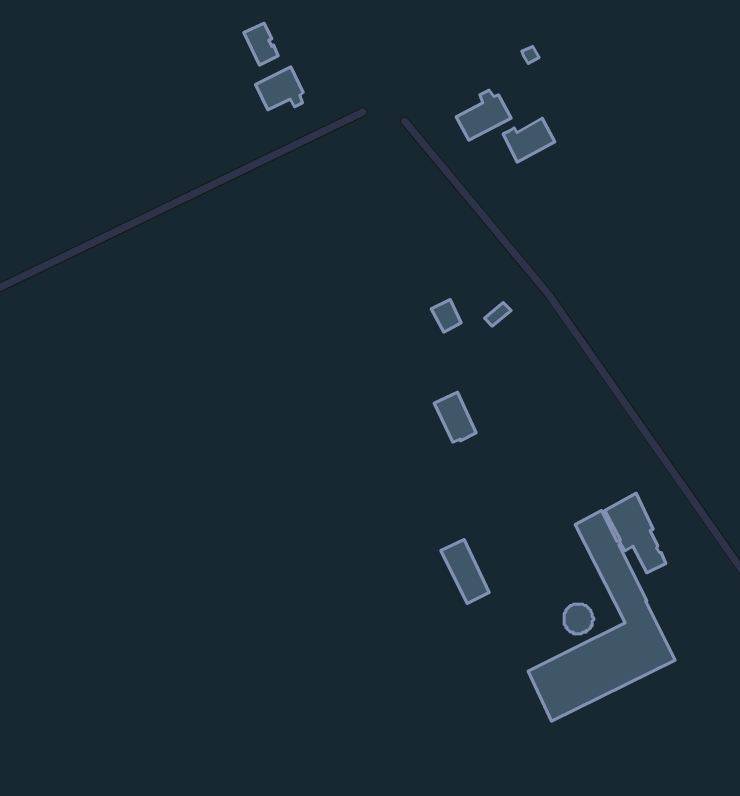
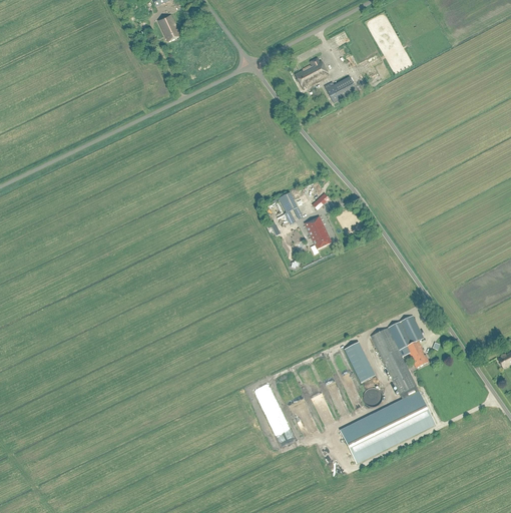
building: [256,67,303,110] -> none
building: [434,392,476,442] -> [305,216,332,248]
building: [441,539,489,603] -> [344,342,375,383]

